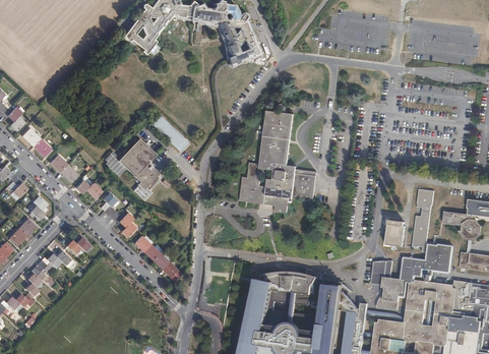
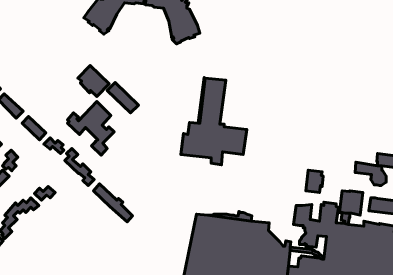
building: none -> [78,65,109,97]
building: [412,189,434,252] -> none

